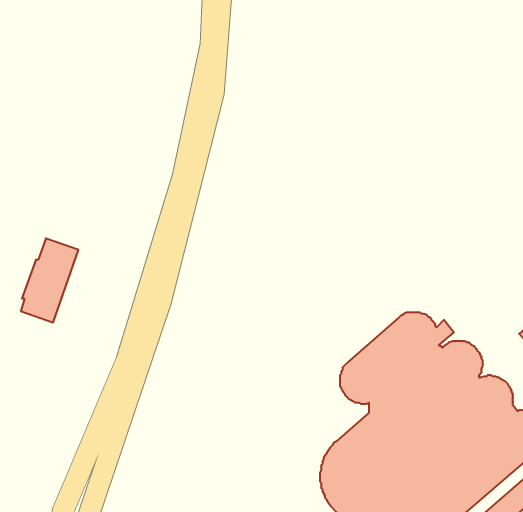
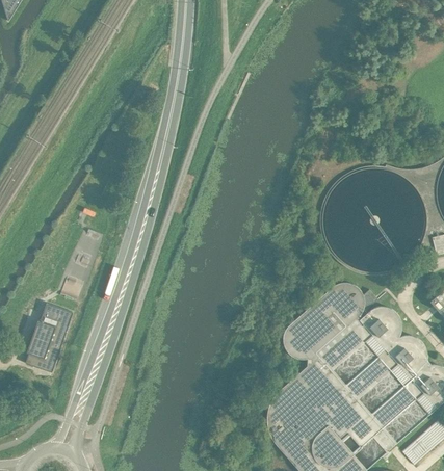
building: [21,238,78,322] -> [25,303,73,372]

